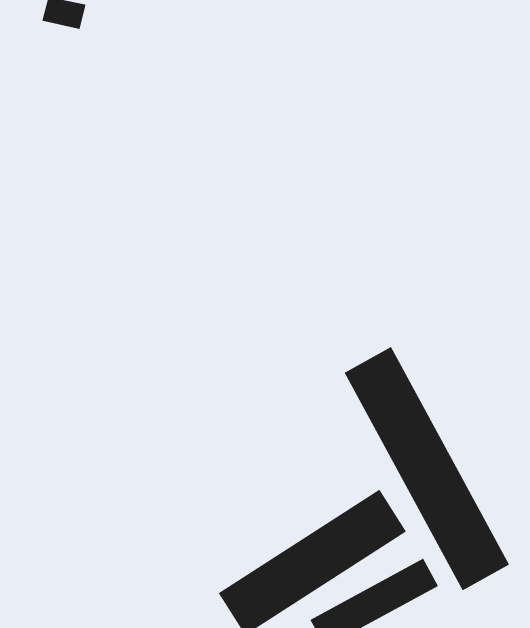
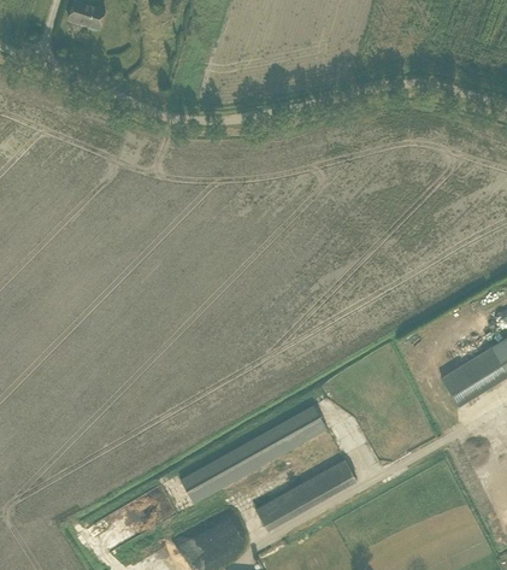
building: [344,346,510,591] -> none

